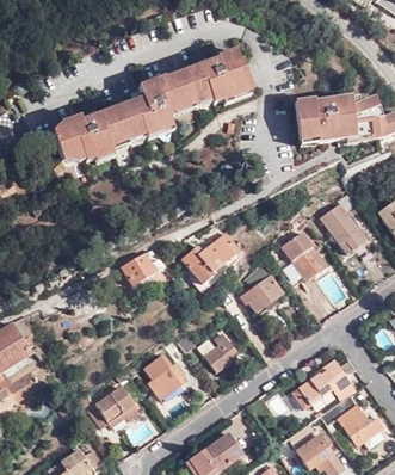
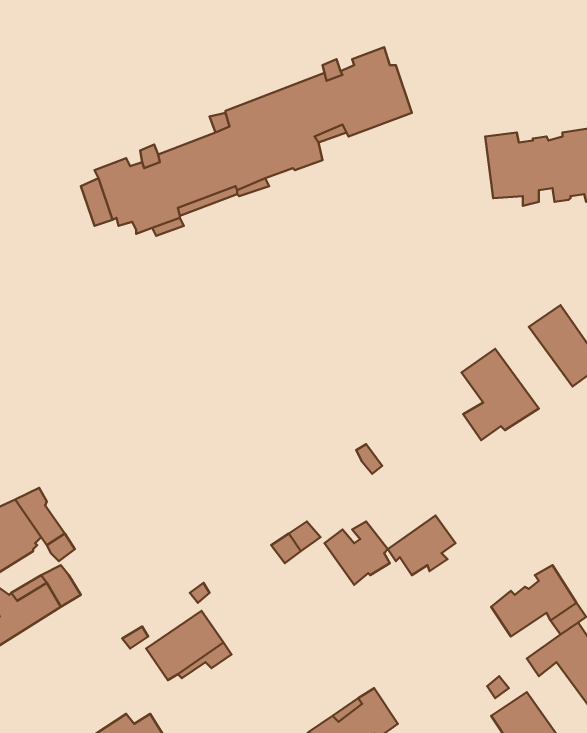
building: [183,232,241,283] -> none
building: [119,248,161,284] -> none
building: [241,276,282,311] -> [388,515,455,575]
building: [149,363,181,396] -> none

